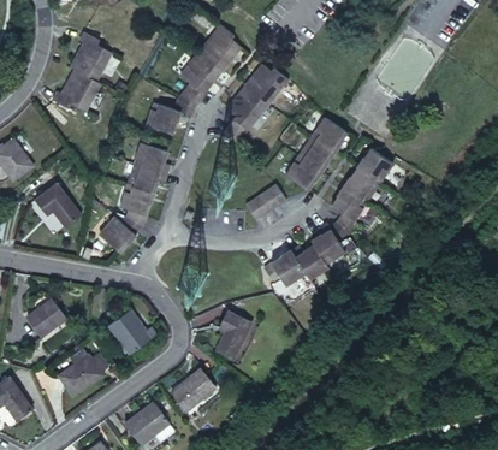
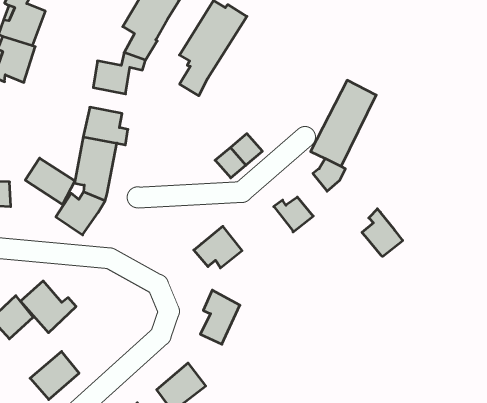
building: [281,113,344,188] -> none
building: none -> [25,158,75,204]
building: [309,218,344,260] -> [362,209,403,256]
building: [262,247,304,283] -> [194,226,242,268]
building: [111,309,159,355] -> [20,281,76,333]

